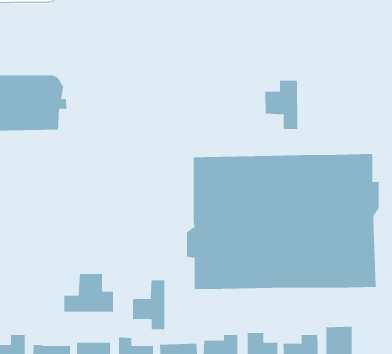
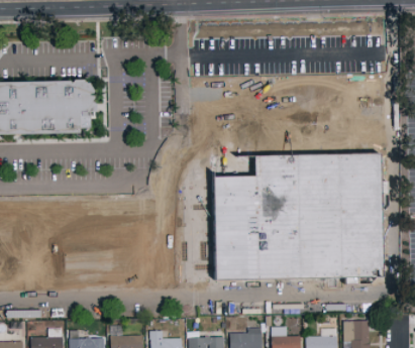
building: [265,80,298,130] -> none
building: [64,273,113,312] -> none
building: [132,280,165,330] -> none

